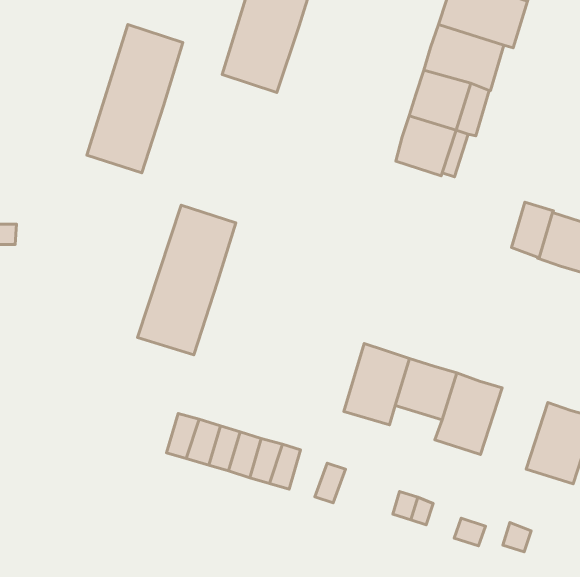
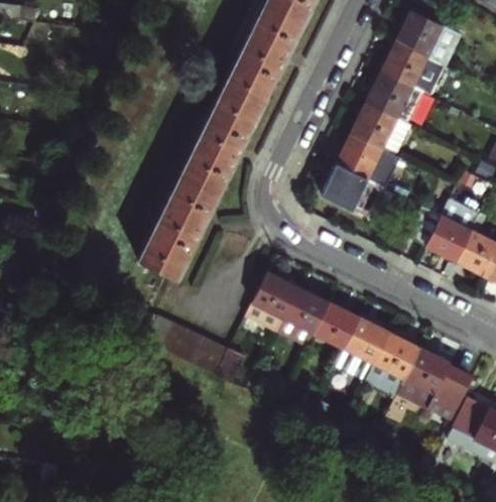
building: [87,25,183,173] -> [183,84,262,189]
building: none -> [323,162,381,214]
building: none -> [245,271,296,332]
building: none -> [366,332,418,391]

